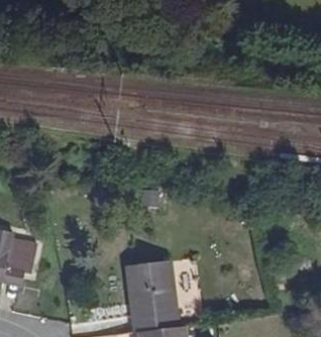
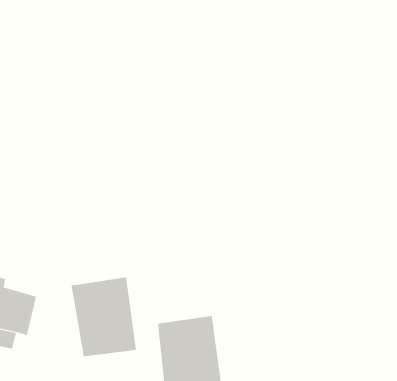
building: none -> [71,277,137,357]

